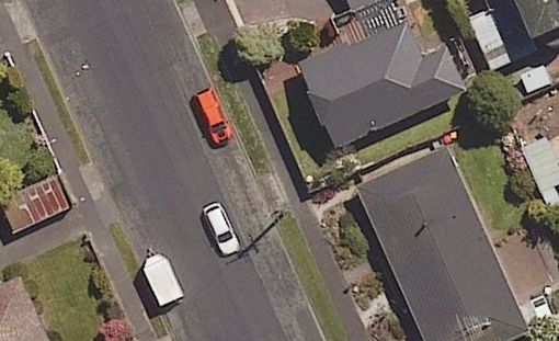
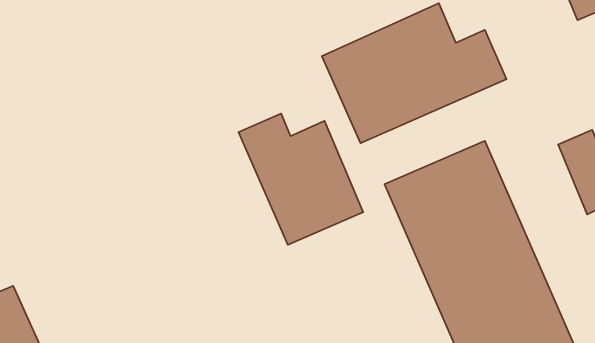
building: none -> [238,114,363,245]

